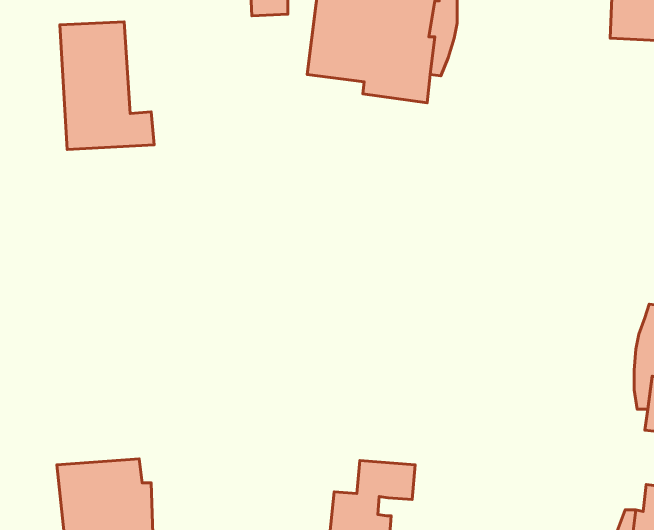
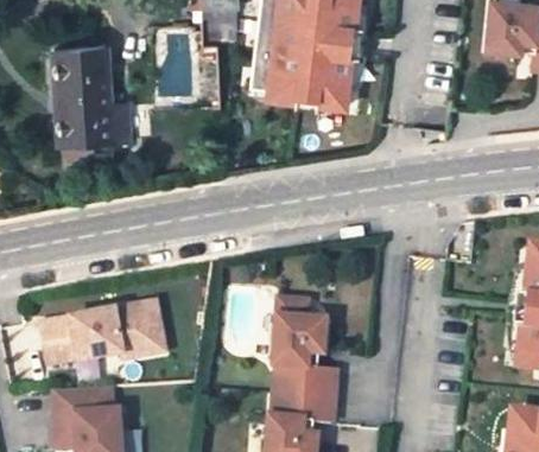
building: none -> [42,298,173,371]
building: none -> [274,298,337,395]

